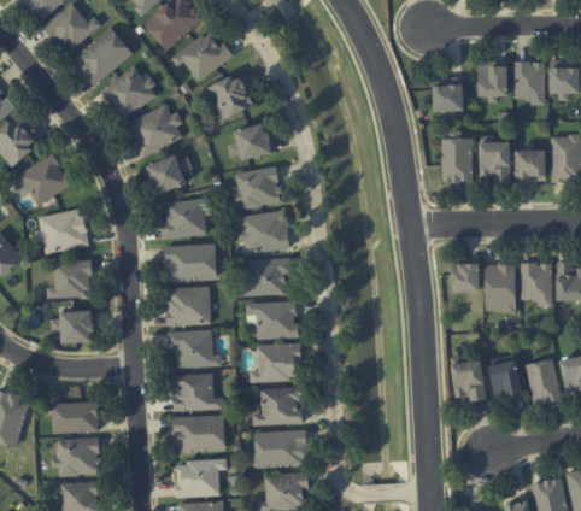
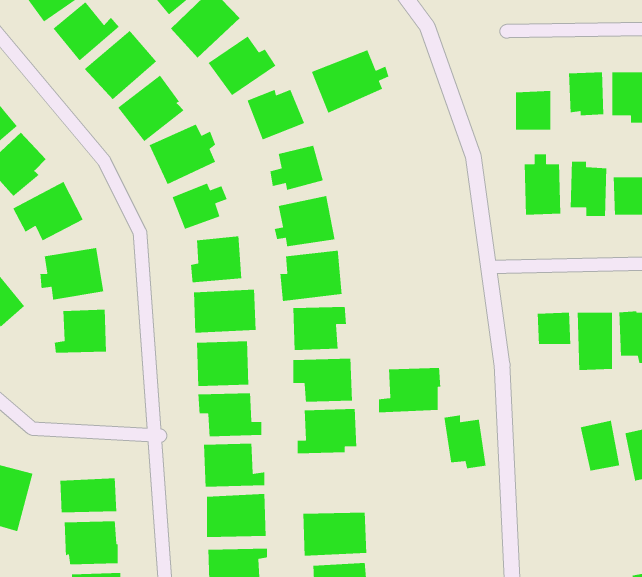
building: none -> [311,49,390,114]
building: [51,311,93,342] -> none
building: [450,356,486,401] -> [443,414,487,469]
building: [251,387,304,425] -> [378,367,441,413]

